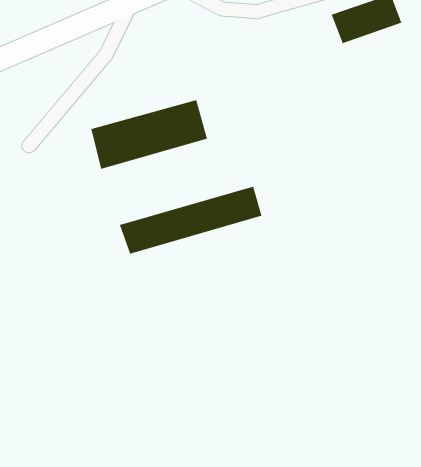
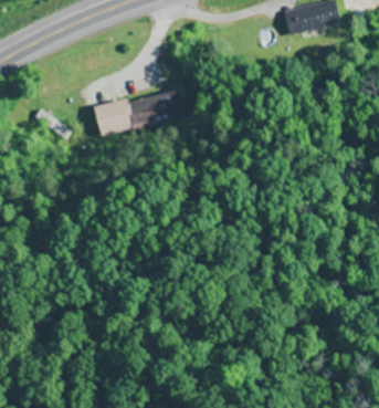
building: [119,186,262,255] -> none

